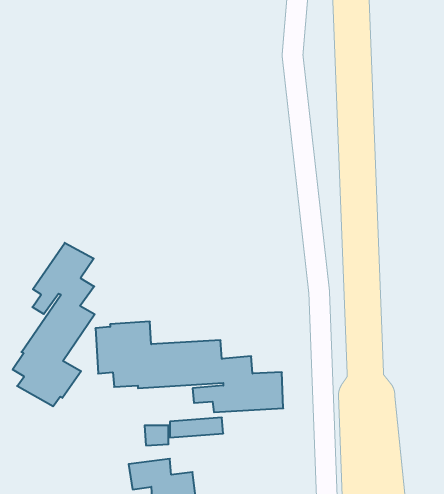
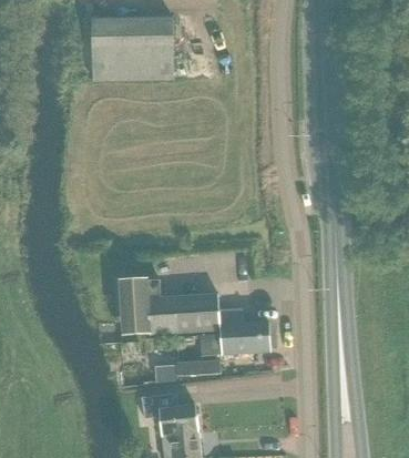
building: none -> [92,18,173,82]
building: [13,243,95,406] -> none

